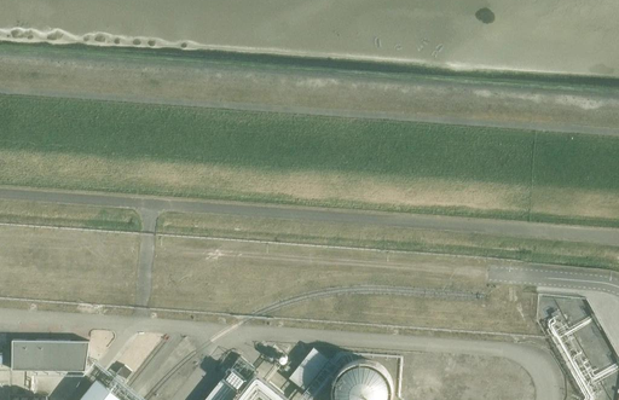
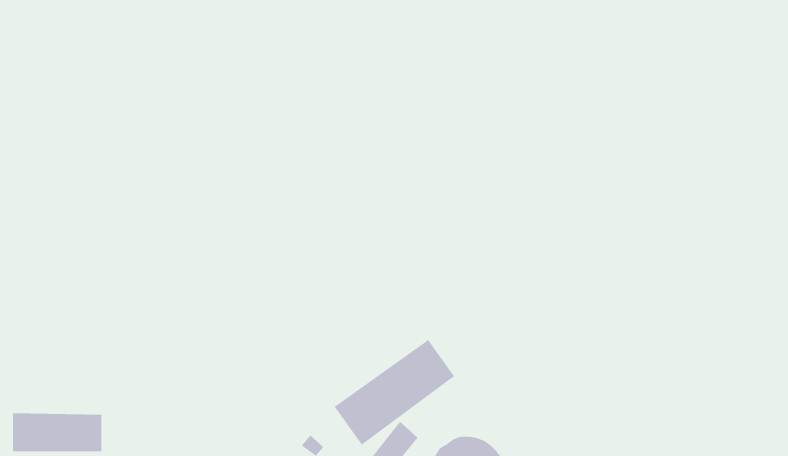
building: none -> [334,339,455,445]

